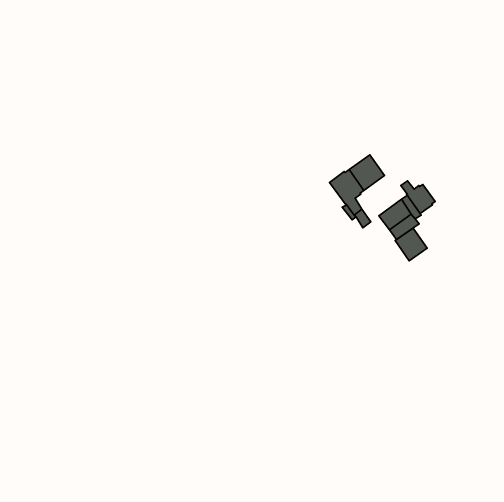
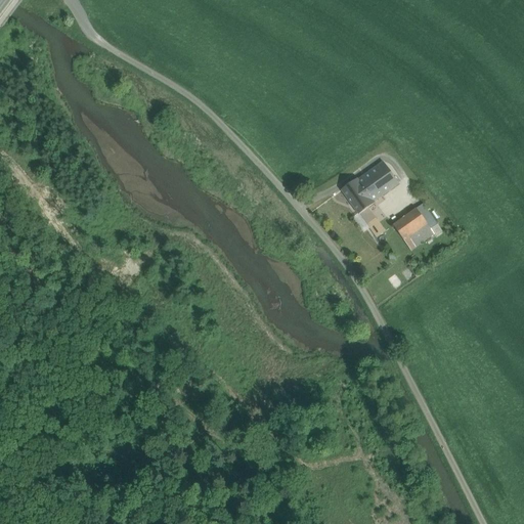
building: [401,181,435,214] -> none
building: [395,228,427,261] -> none

